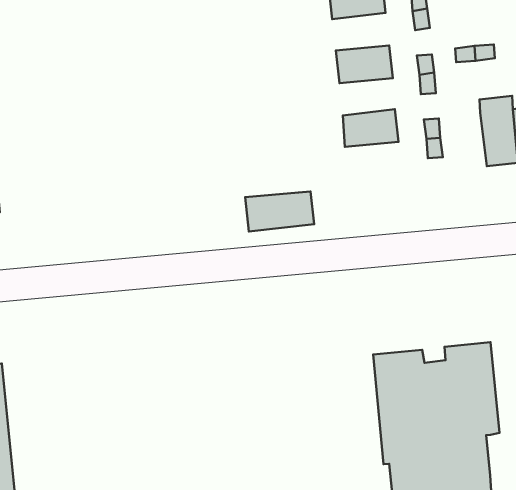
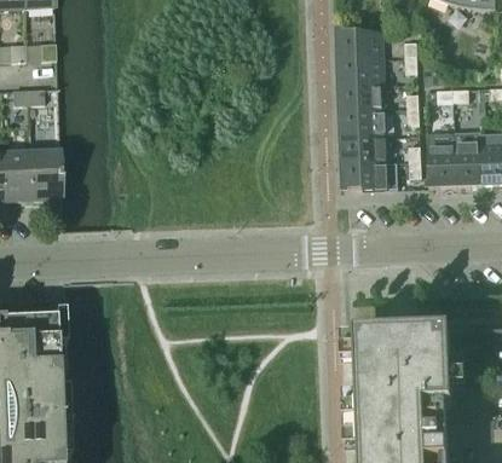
building: none -> [340,56,385,83]
building: none -> [342,109,386,137]
building: none -> [428,141,457,186]
building: [245,192,314,231] -> [344,161,398,190]

